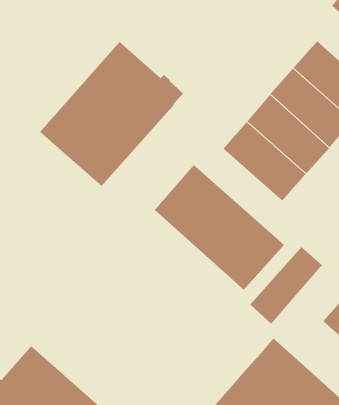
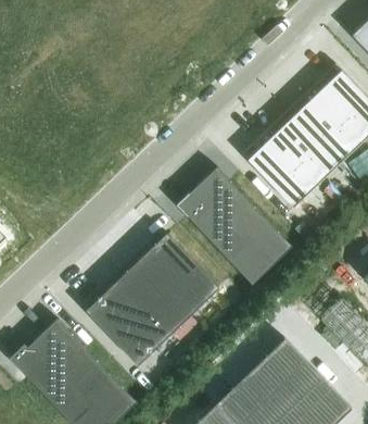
building: [39,41,184,187] -> none
building: none -> [87,235,221,369]
building: [250,246,323,324] -> none

